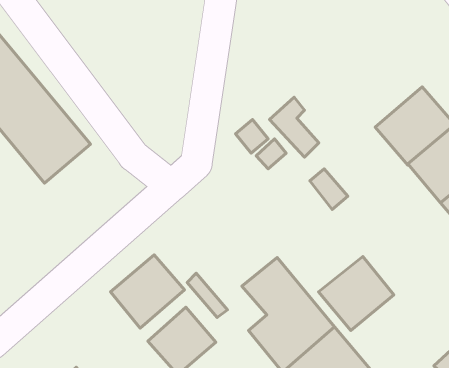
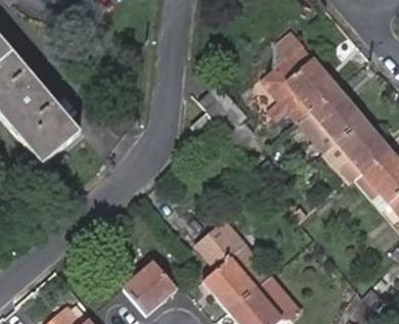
building: none -> [263,45,339,122]
building: [110,255,184,328] -> none
building: [318,257,394,330] -> none

